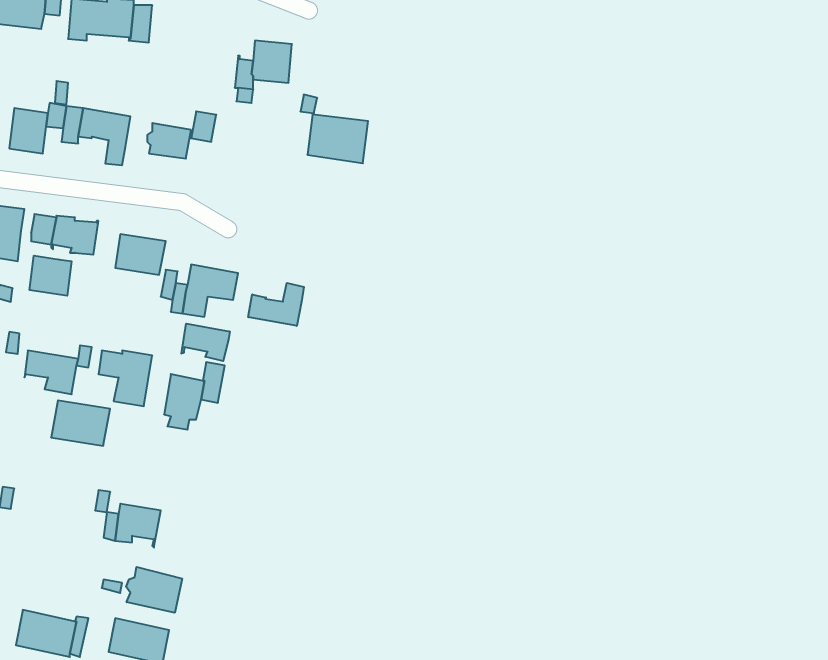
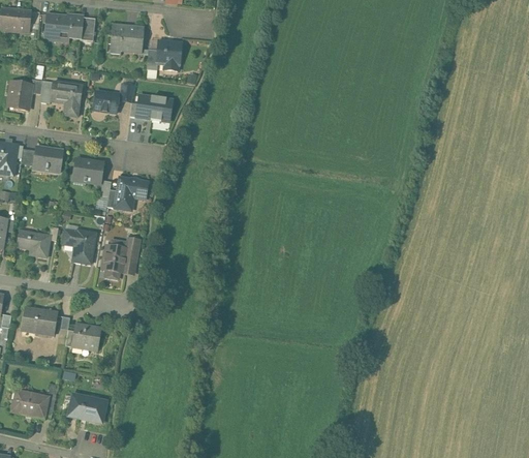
building: none -> [110,22,144,53]
building: [307,114,368,163] -> [135,92,173,122]
building: [30,256,72,296] -> none
building: [248,283,304,326] -> none
building: [181,324,230,361] -> none
building: [51,400,110,446] -> [21,306,57,334]
building: [126,567,182,613] -> none

